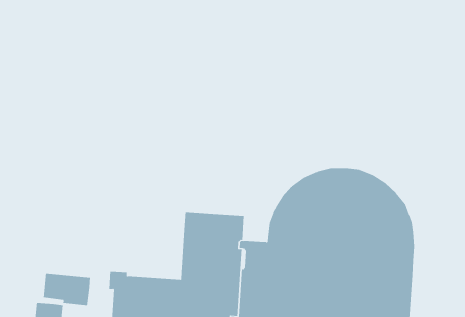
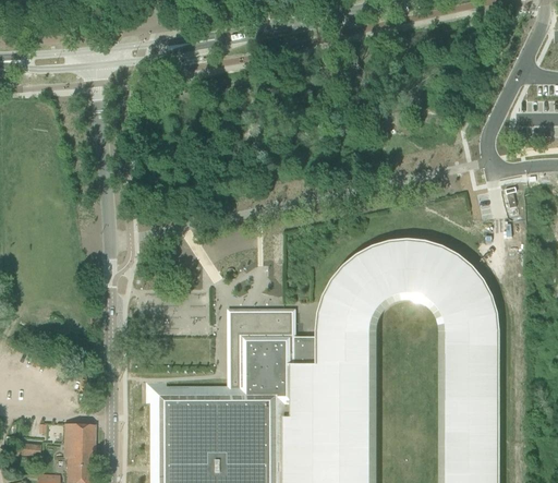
building: [43,273,90,306] -> none

